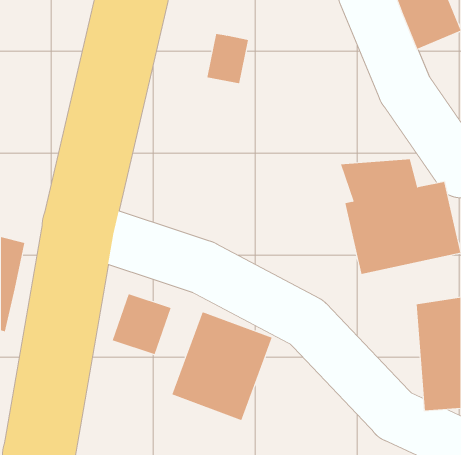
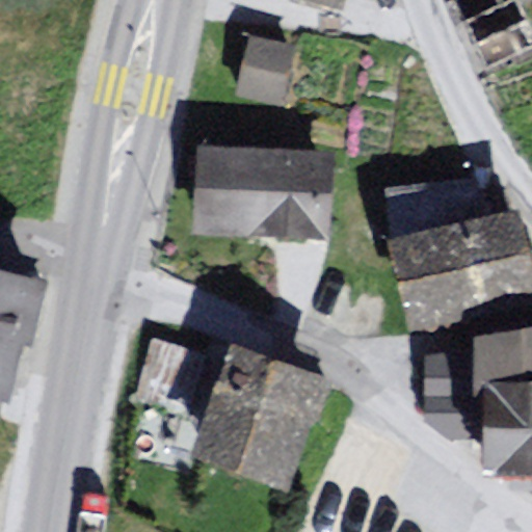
building: none -> [201,142,322,225]

